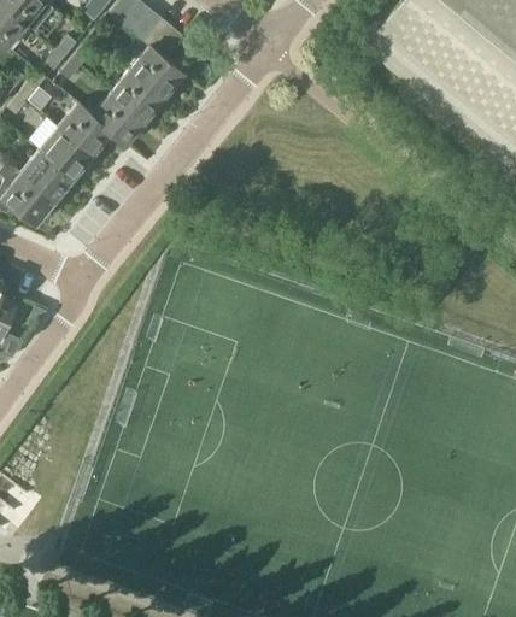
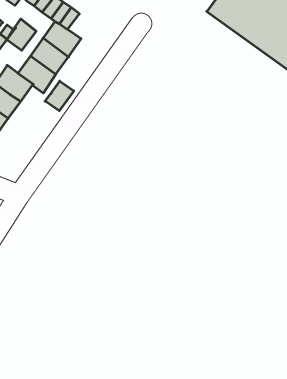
building: none -> [7,19,36,50]
building: none -> [45,81,74,111]

